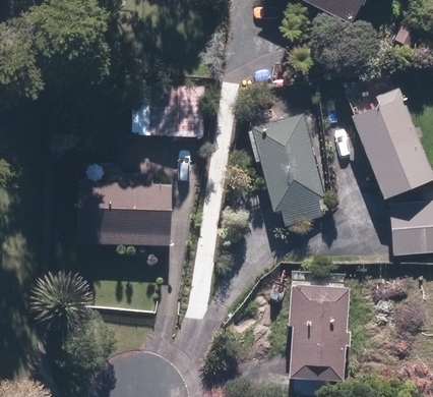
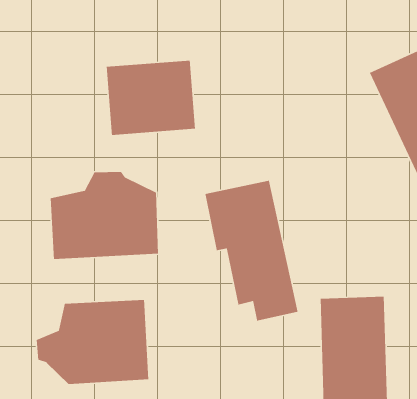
building: [253,112,322,227] -> [204,180,298,322]
building: none -> [36,299,149,385]

